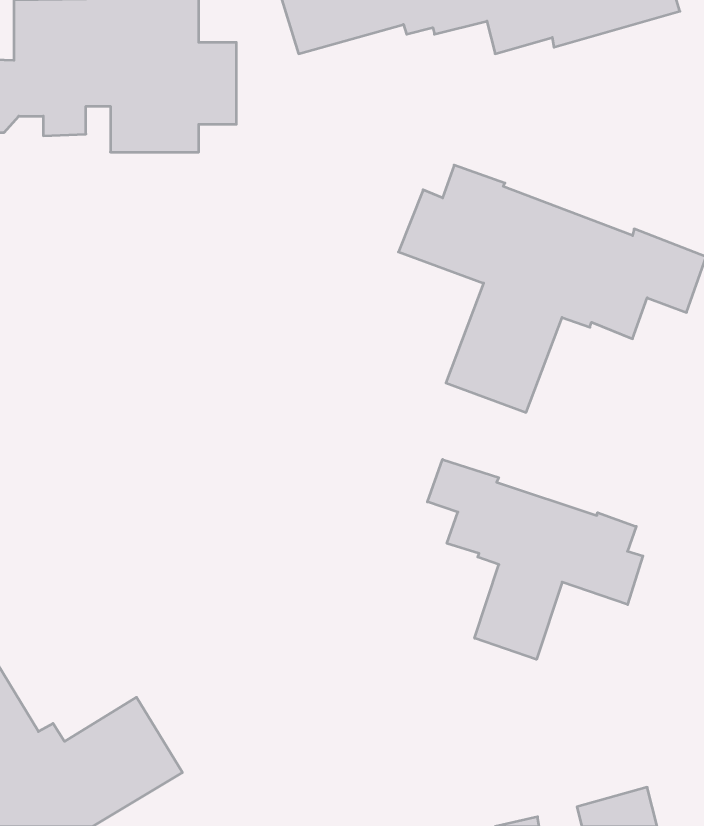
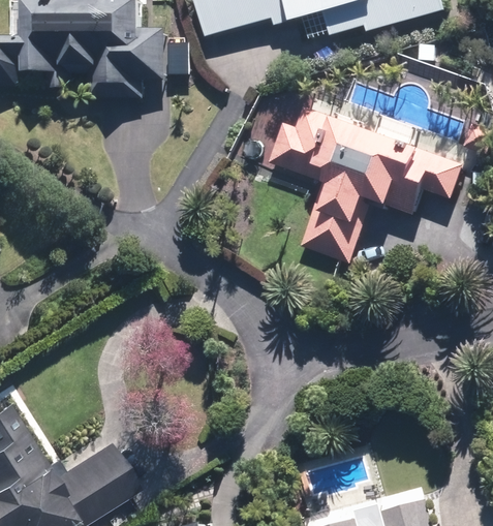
building: [427,459,643,659] -> none

